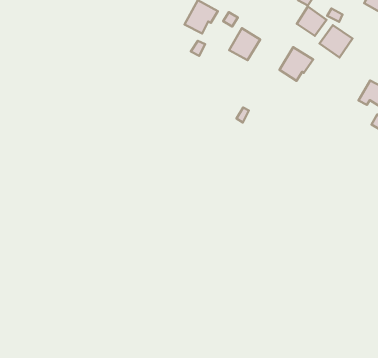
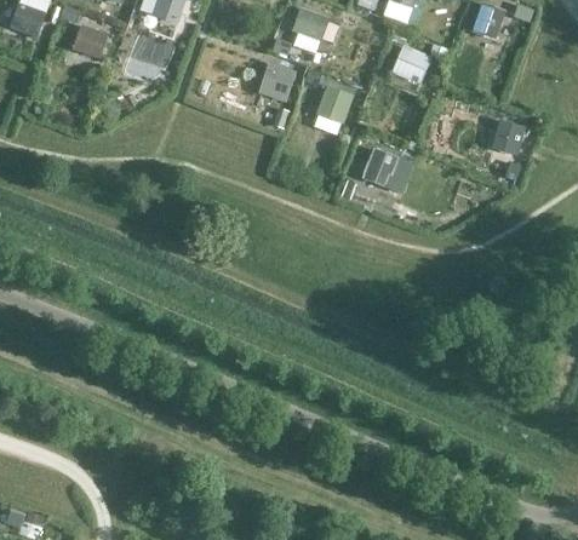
building: [319,25,352,58] -> none
building: [279,47,313,81] -> [361,148,400,188]

